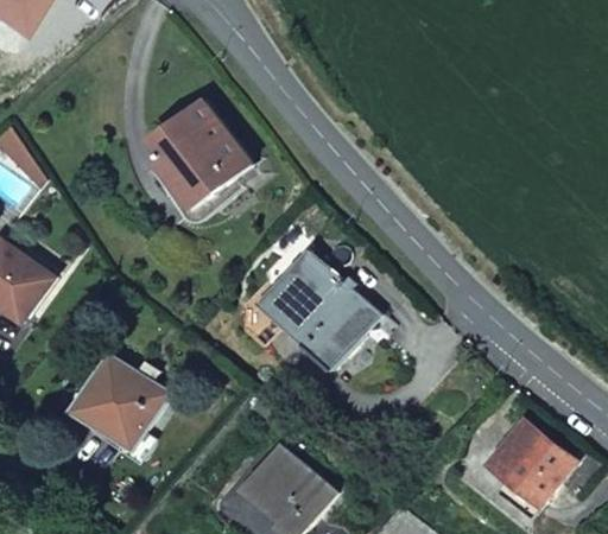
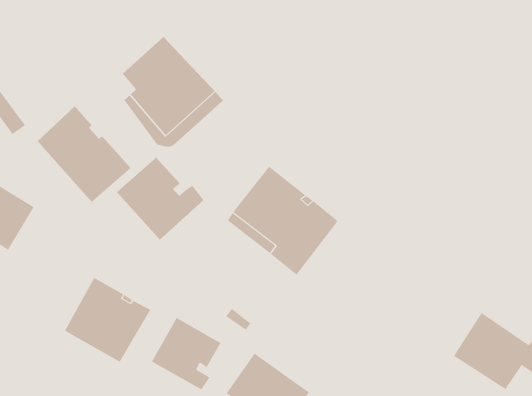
building: none -> [37,106,132,203]
building: none -> [116,157,204,240]
building: none -> [151,317,221,390]

